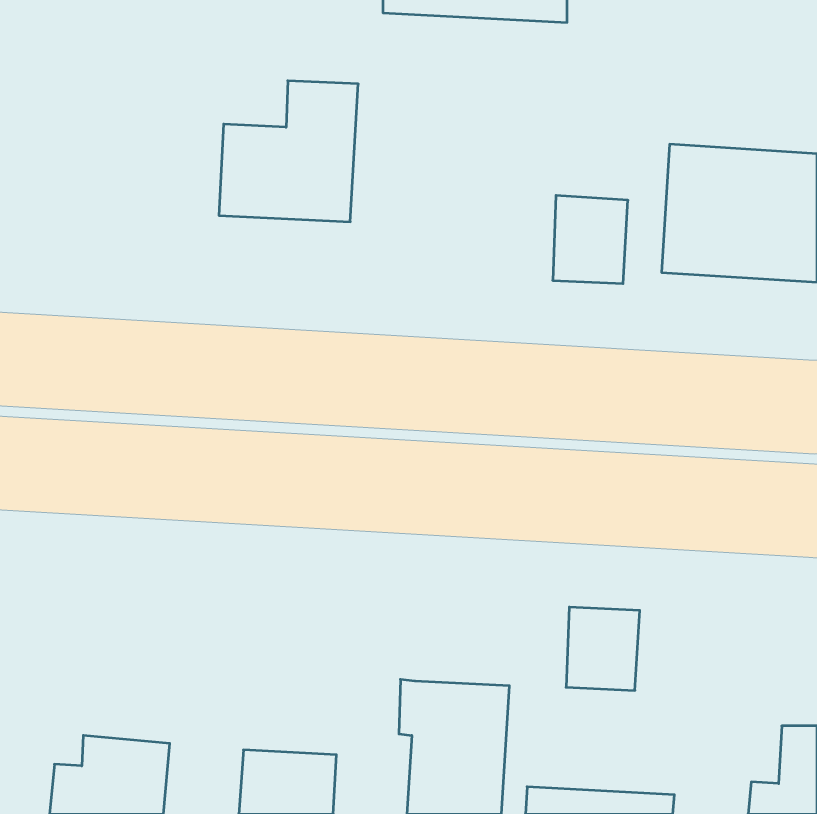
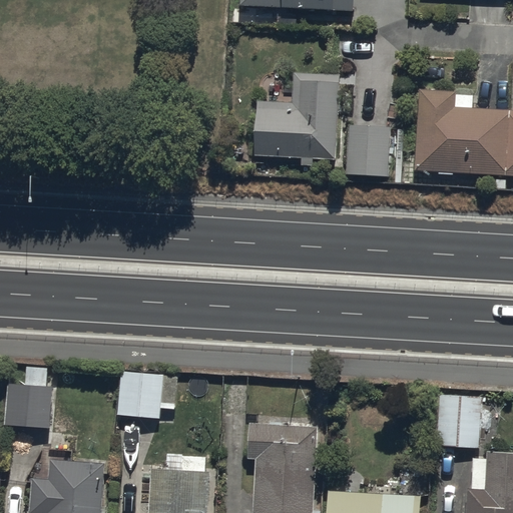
building: [219,81,358,222] -> [248,73,336,161]
building: none -> [117,372,164,419]
building: [566,607,640,690] -> [437,396,483,448]
building: none -> [5,384,54,428]

